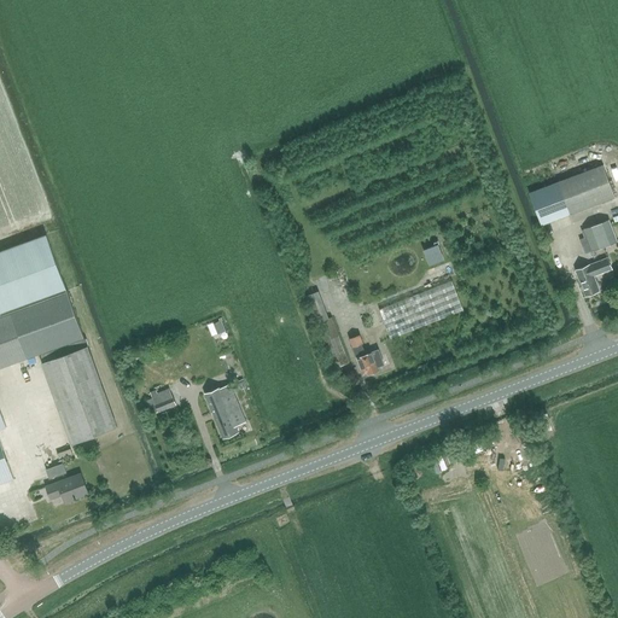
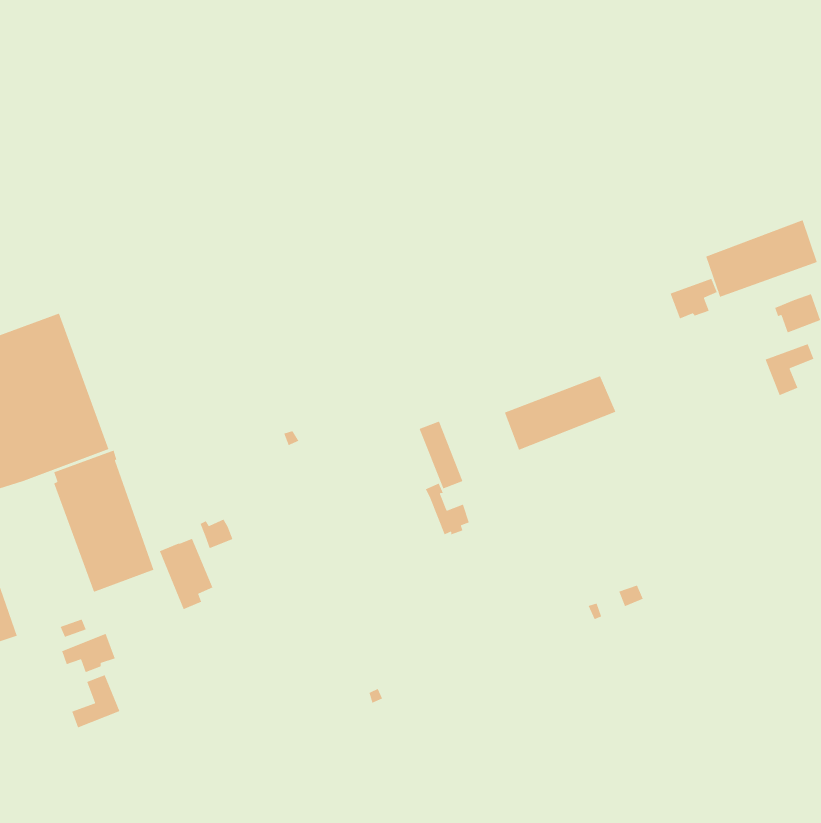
building: none -> [670,278,718,320]
building: [348,334,381,374] -> [425,482,470,536]
building: [204,384,245,438] -> [159,538,214,610]
building: none -> [71,674,121,728]

